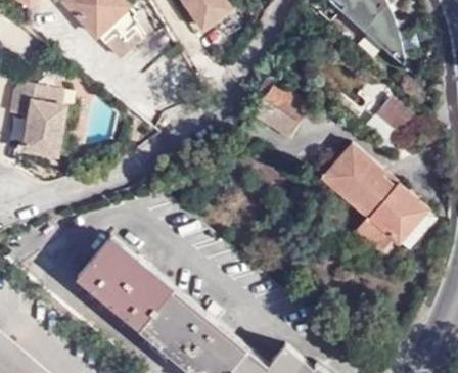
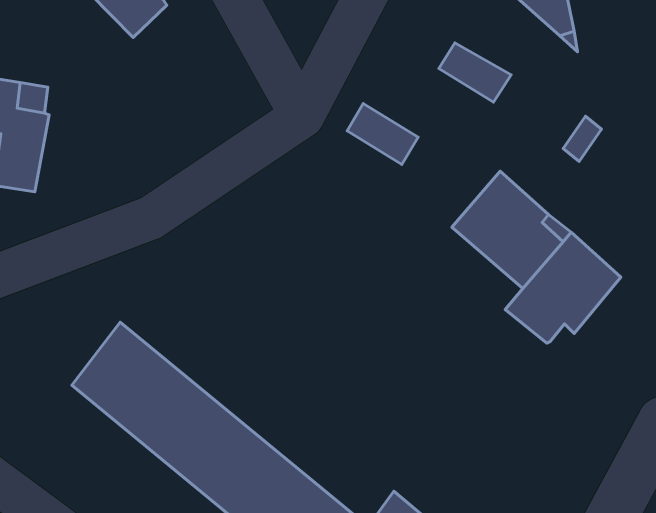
building: [264,85,310,123] -> [439,43,511,102]

